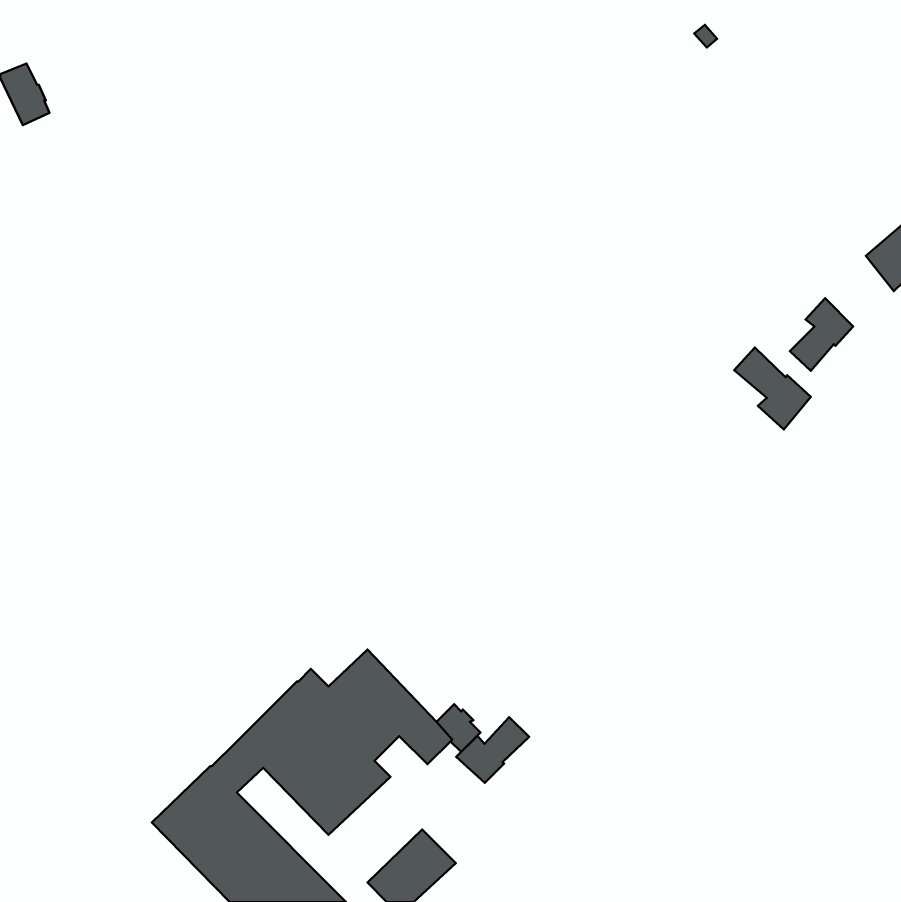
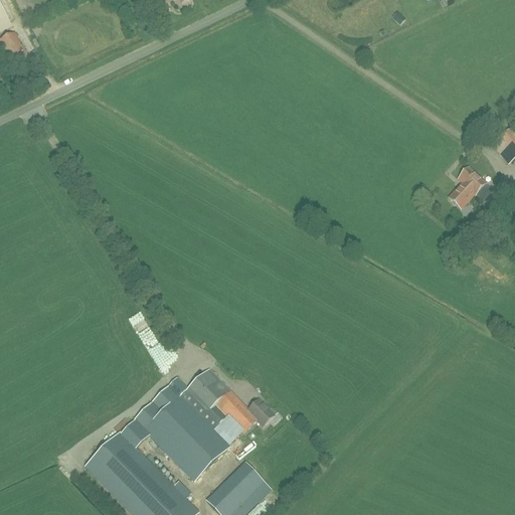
building: [734,348,811,430] -> none
building: [456,717,529,783] -> none

